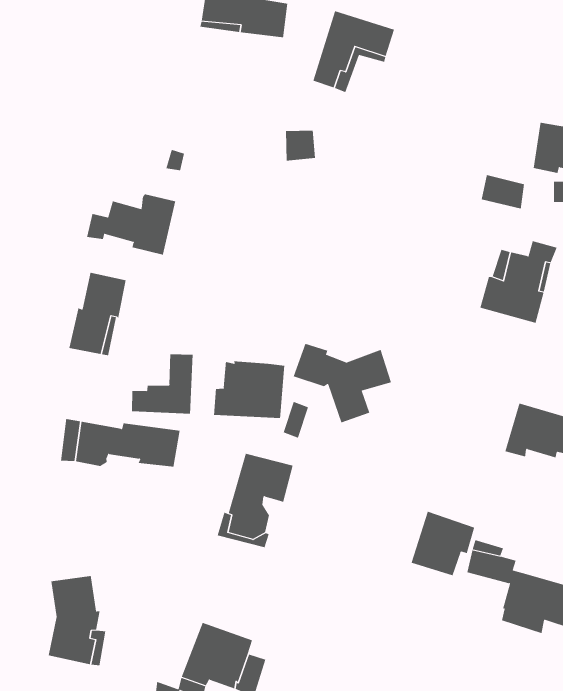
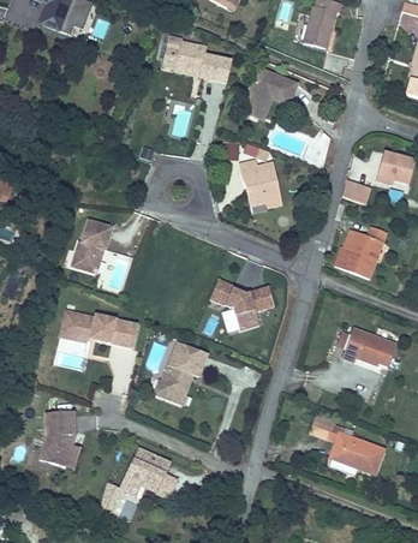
building: none -> [239,159,282,205]
building: [86,193,176,255] -> none
building: [131,353,193,414] -> none
building: [213,361,285,419] -> none
building: [411,511,475,576] -> none

